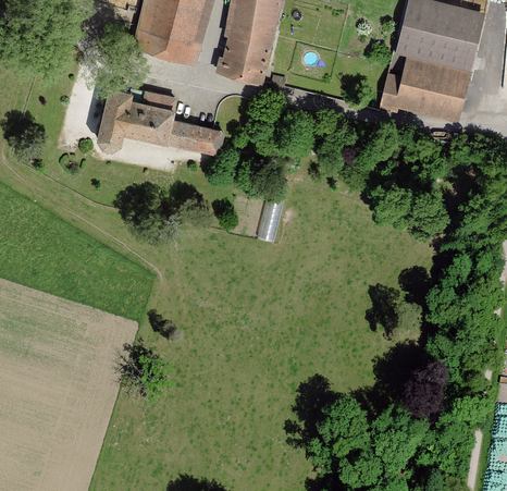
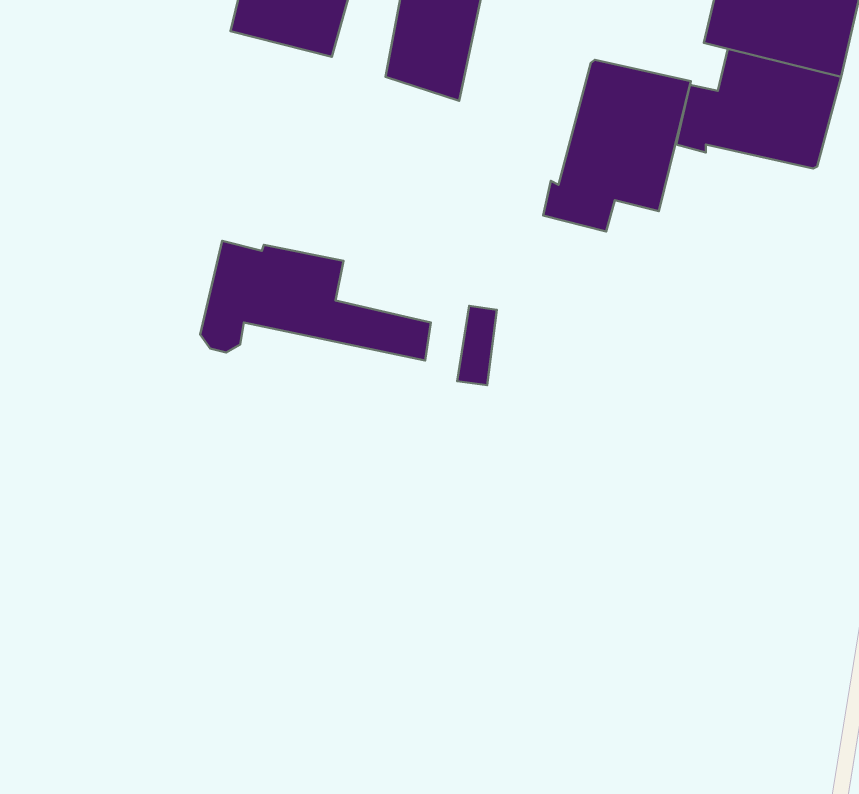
building: none -> [543,60,691,232]
building: [97,88,223,154] -> [200,241,431,360]

